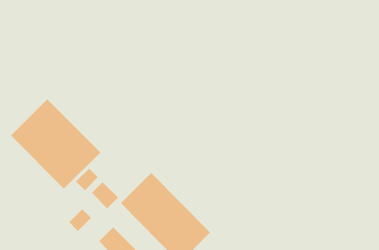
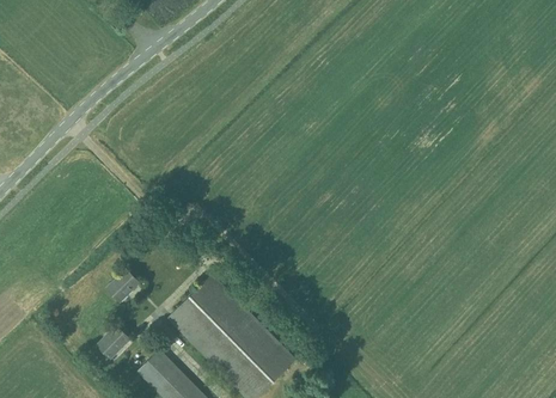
building: [10,99,101,189] -> none
building: [91,181,119,209] -> none

